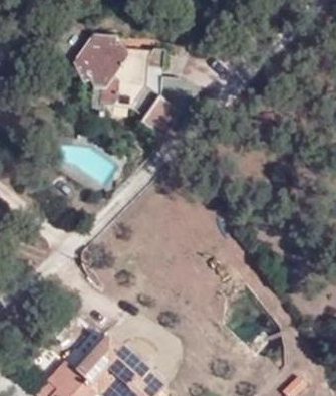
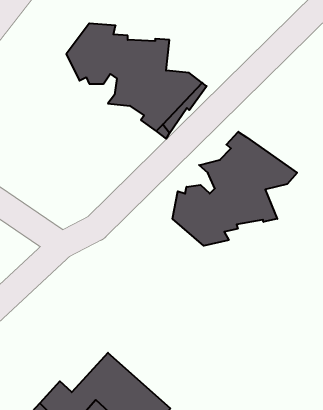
building: none -> [172,132,297,246]

